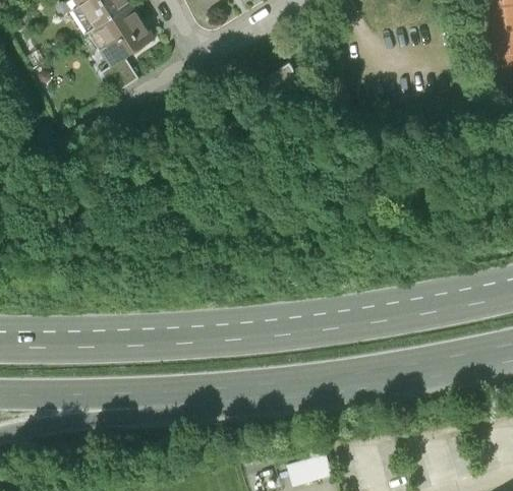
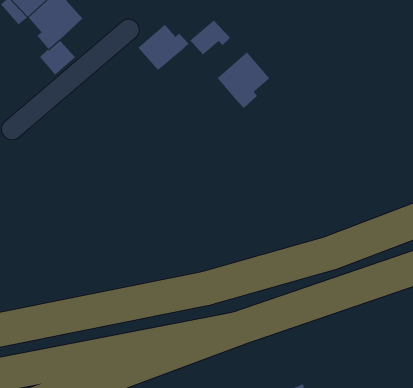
building: none -> [138,24,189,71]
building: none -> [217,52,270,109]

